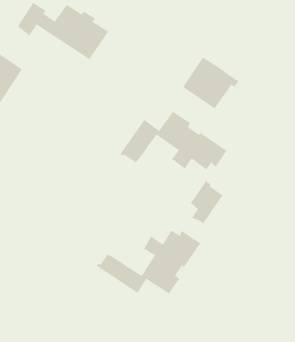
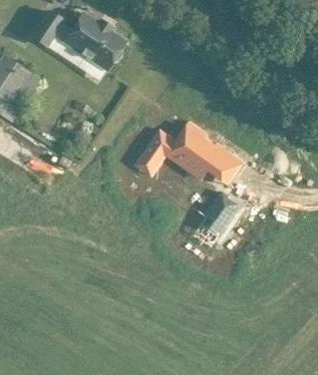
building: [182,56,239,110] -> none
building: [96,229,201,295] -> none

